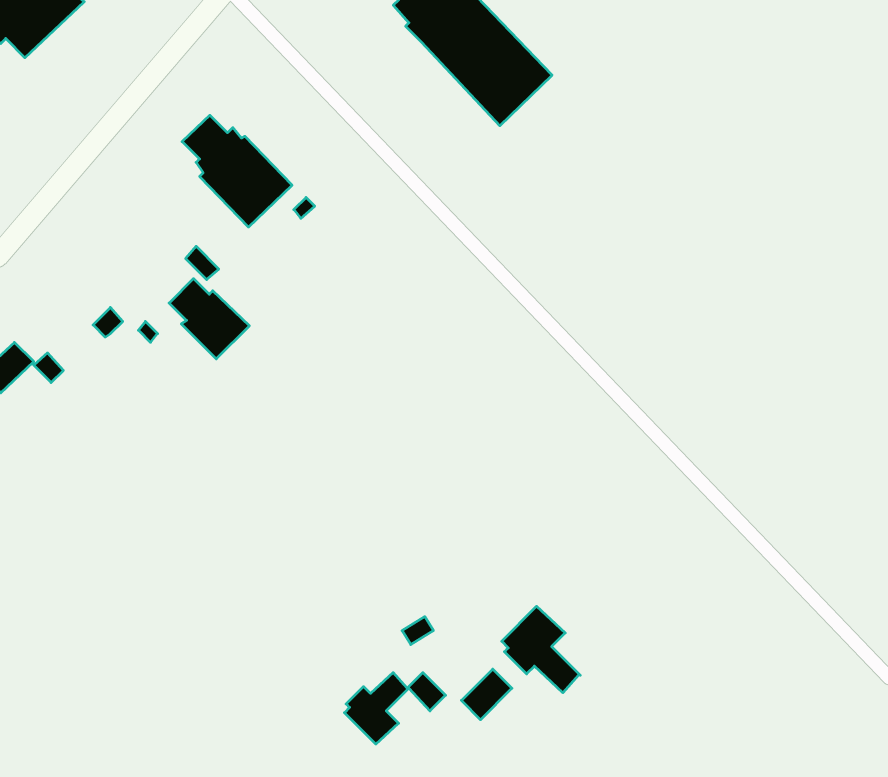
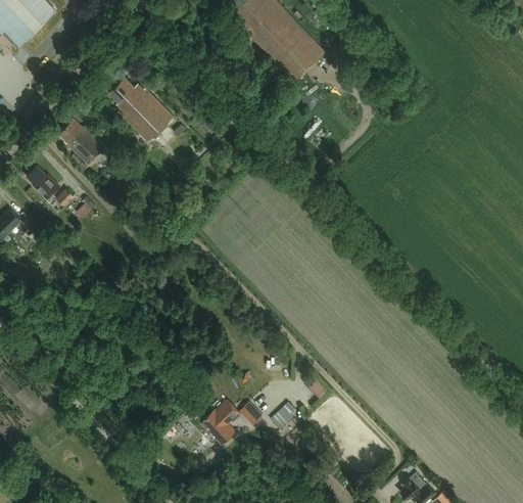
building: none -> [27,166,59,198]
building: [169,279,249,359] -> [59,119,106,166]
building: [502,606,580,693] -> none

